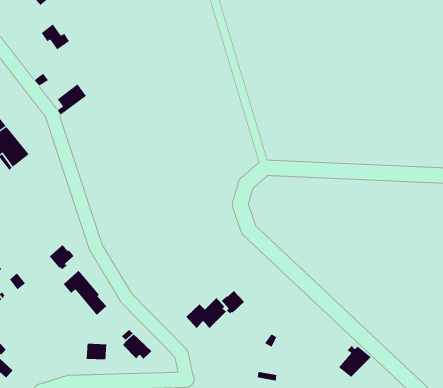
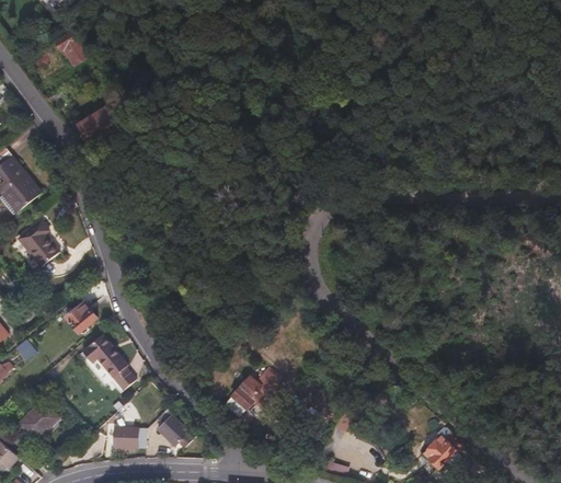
building: none -> [18,220,57,266]
building: [221,290,245,314] -> none
building: none -> [20,401,58,439]

